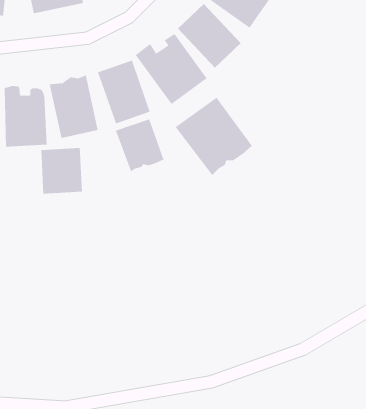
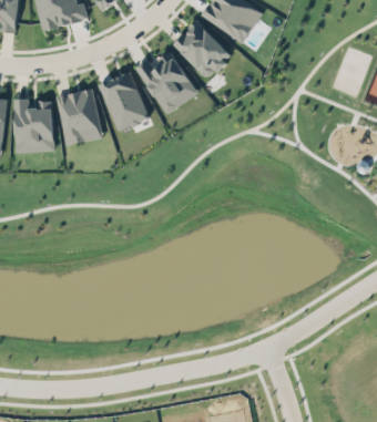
building: [175,97,252,176] -> none
building: [115,118,164,172] -> none
building: [41,147,82,194] -> none

